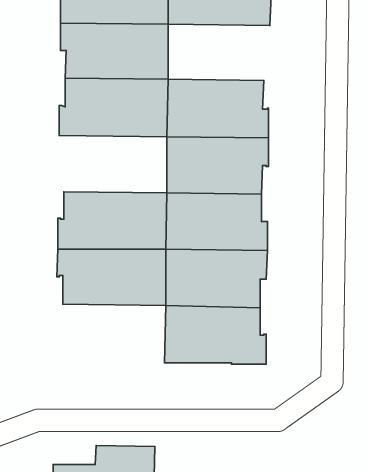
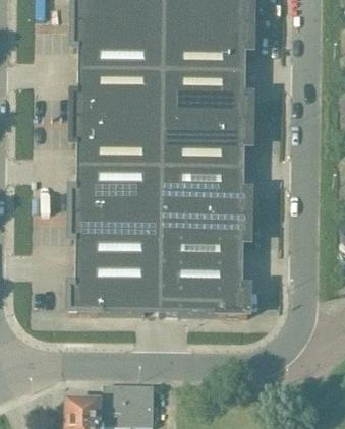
building: none -> [167,26,253,74]
building: none -> [73,121,166,170]
building: none -> [71,264,165,314]

